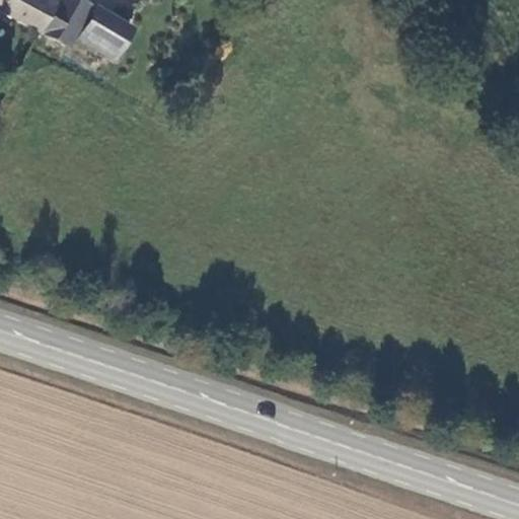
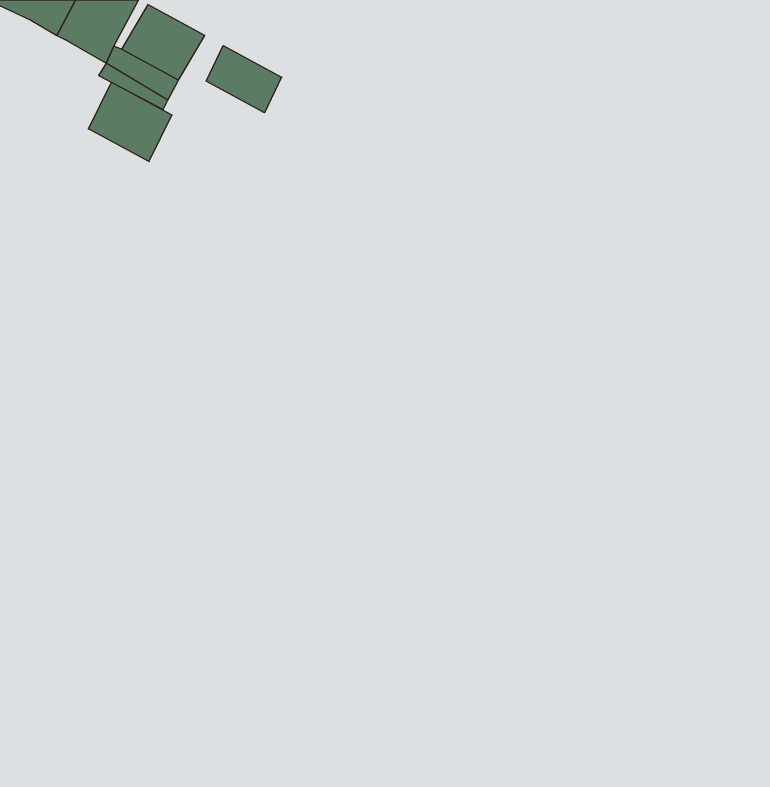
building: none -> [206,46,282,113]
building: none -> [88,82,172,162]

